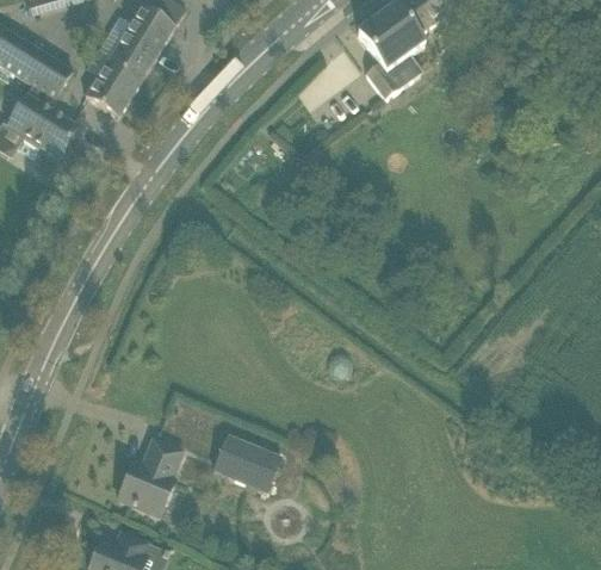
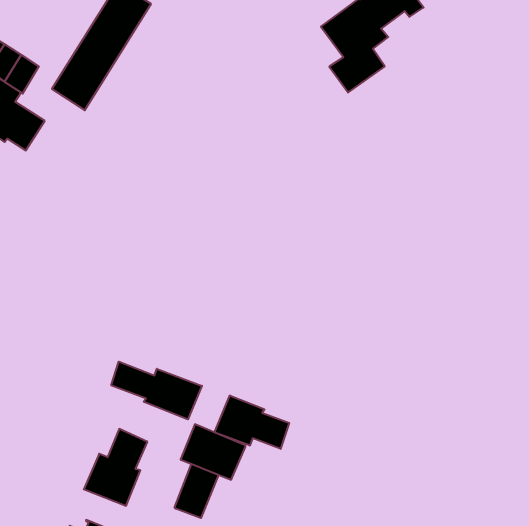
building: none -> [111,362,202,419]
building: none -> [215,395,289,449]
building: none -> [175,464,218,518]

